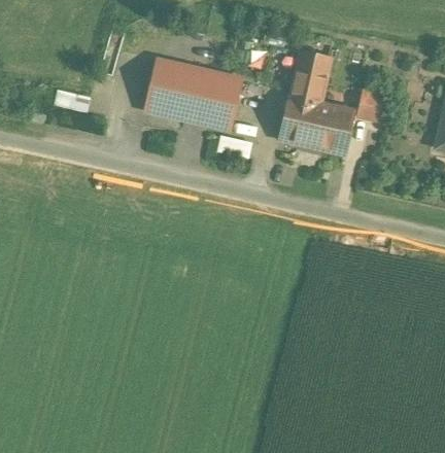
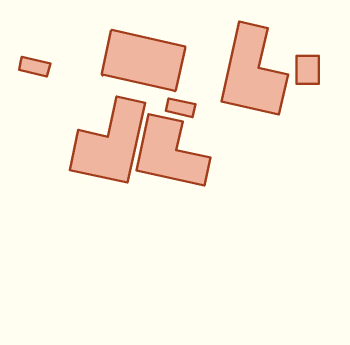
building: none -> [70,97,145,183]
building: none -> [136,114,211,185]

